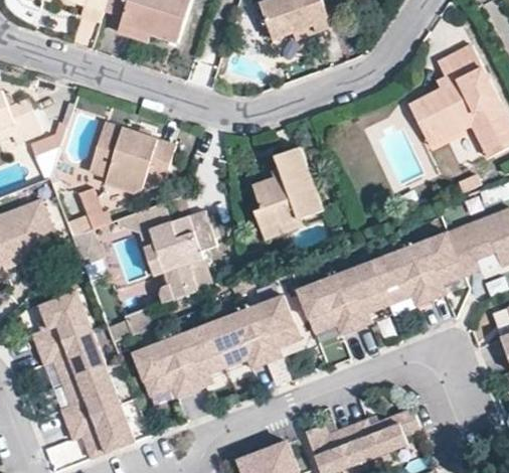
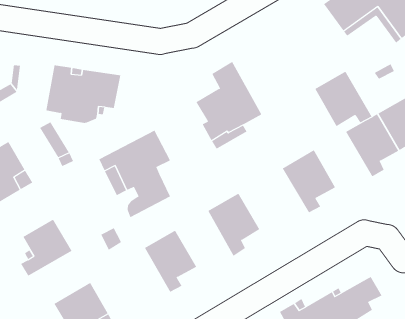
building: [372,246,431,305] -> [315,71,373,127]
building: [297,275,355,334] -> none
building: [207,308,266,367] -> none
building: [38,328,106,382] -> none
building: [133,337,190,397] -> none

